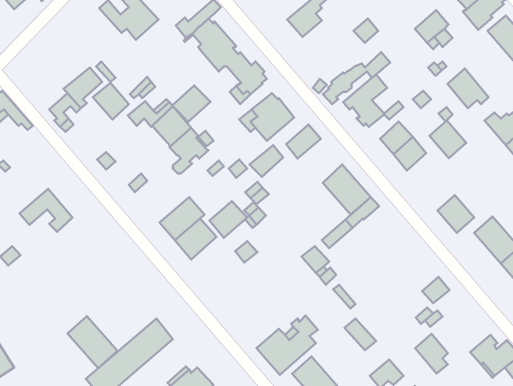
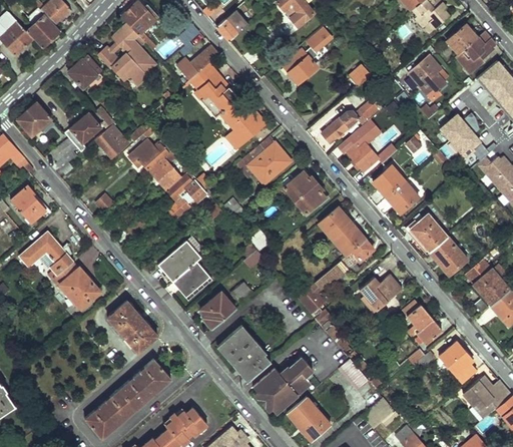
building: none -> [70,56,102,88]
building: none -> [17,102,51,140]
building: [172,86,210,122] -> none
building: [430,120,466,158] -> [411,215,447,253]
building: none -> [11,186,46,225]
building: [250,145,283,177] -> [293,182,326,213]
building: [210,201,247,238] -> [198,293,235,329]
building: none -> [51,260,99,309]
building: none -> [357,275,401,315]
building: none -> [405,301,431,336]
building: none -> [218,327,270,380]
building: [67,316,118,368] -> [108,301,157,352]
building: [415,334,448,374] -> [440,341,472,380]

